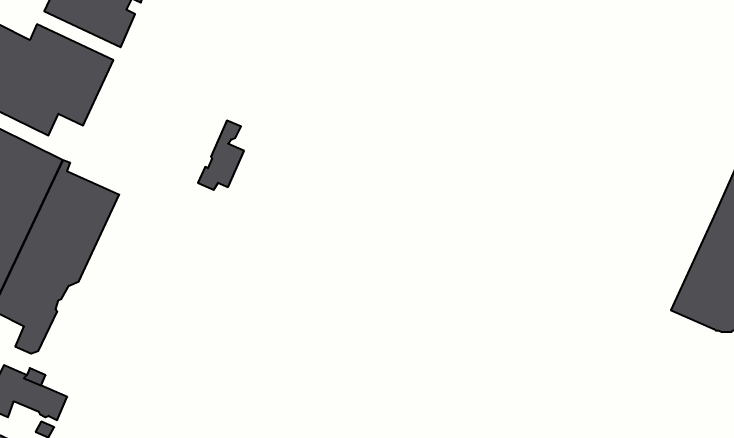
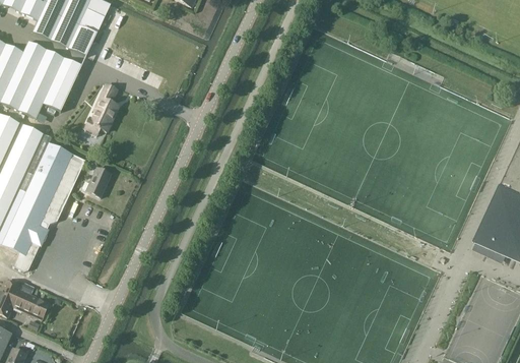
building: [198,121,244,190] -> [85,84,118,133]
building: none -> [81,168,111,197]

